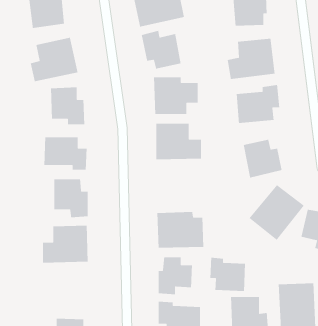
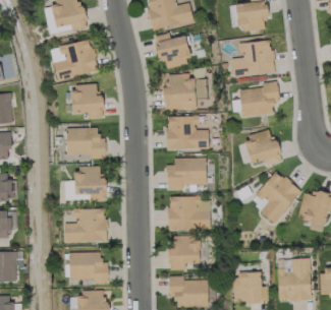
building: none -> [167,158,207,190]
building: [209,257,246,292] -> none
building: none -> [69,252,109,284]

